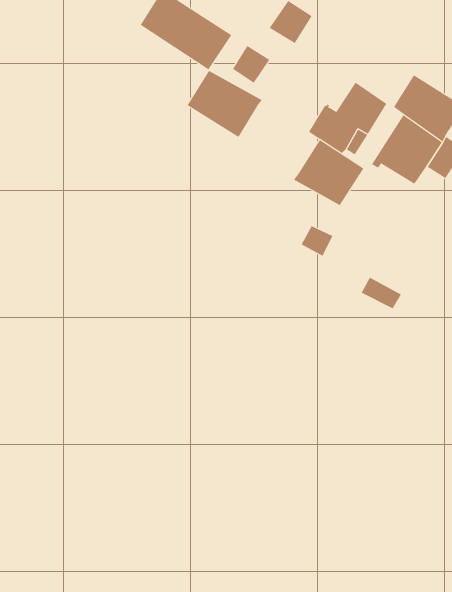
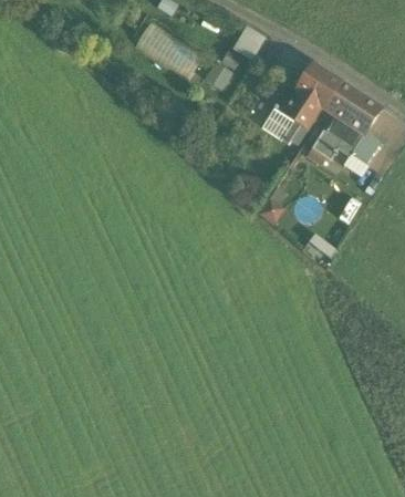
building: none -> [297,64,341,108]
building: [187,70,262,138] -> none
building: [293,139,364,206] -> none

